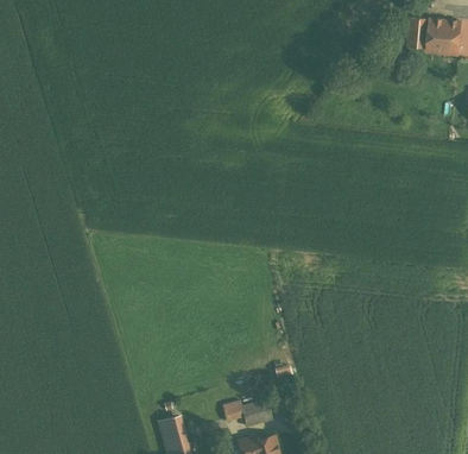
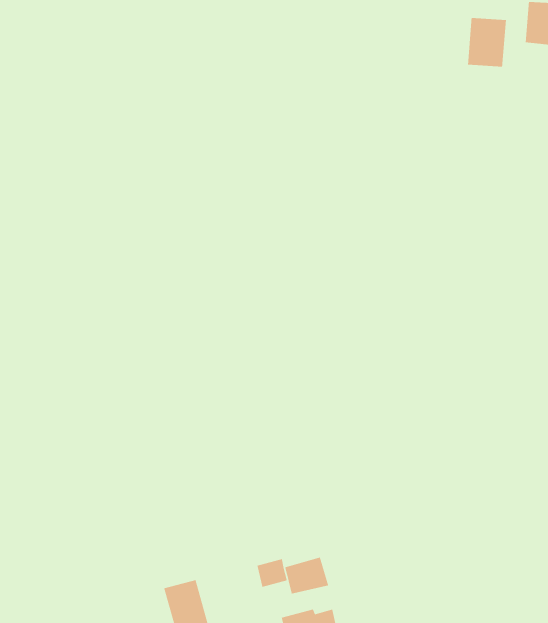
building: none -> [467,17,507,68]

